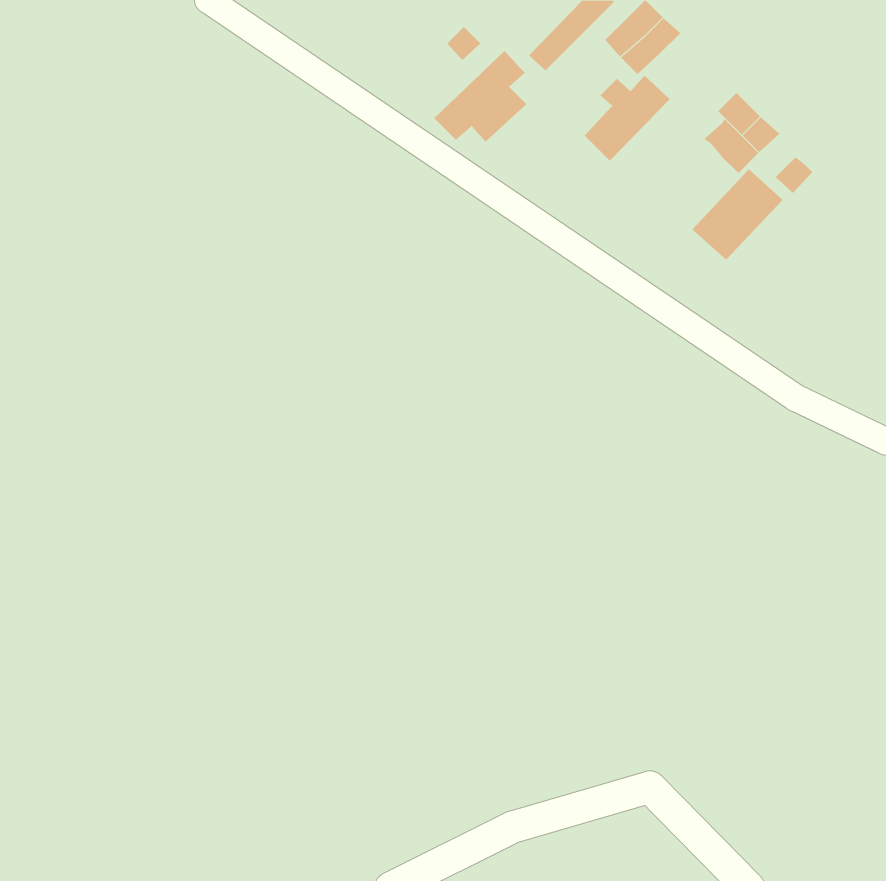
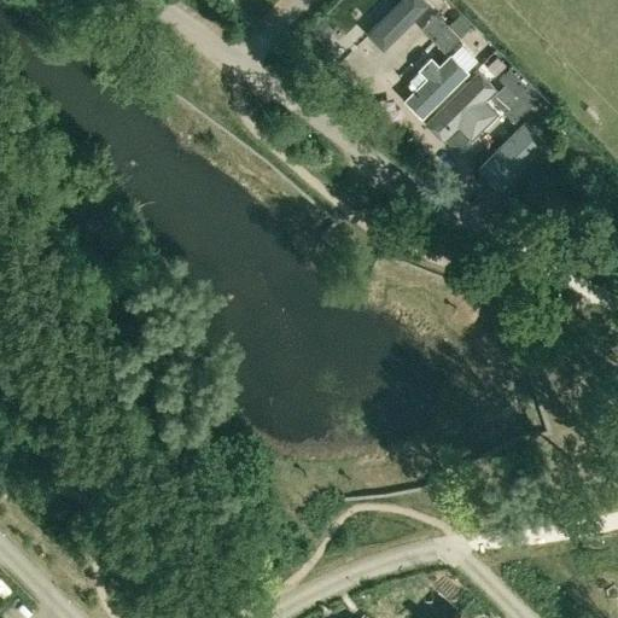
building: [433,50,527,142] -> [430,76,495,140]

